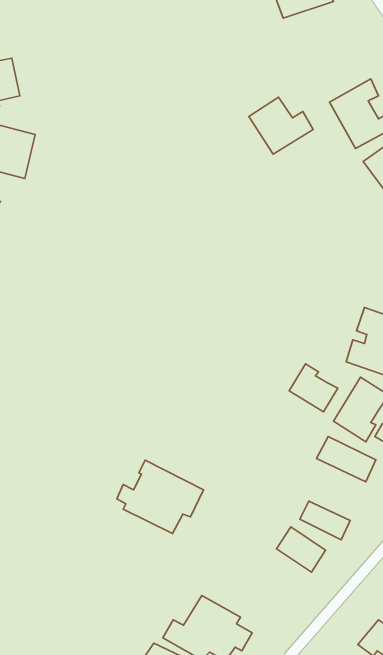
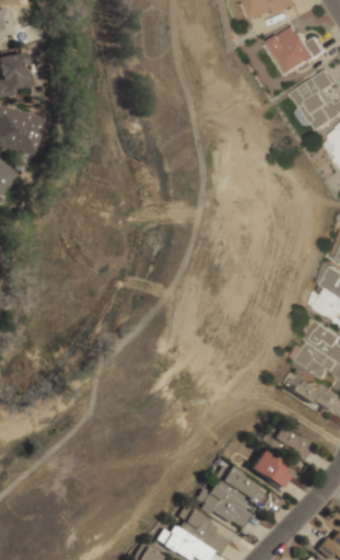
building: [249,97,313,154] -> [269,24,324,72]
building: [289,364,338,412] -> none
building: [117,460,203,534] -> [194,466,267,528]

